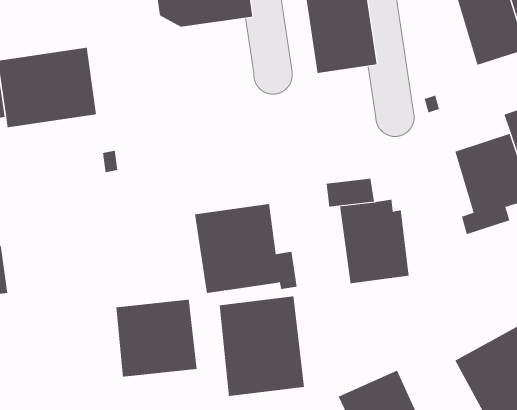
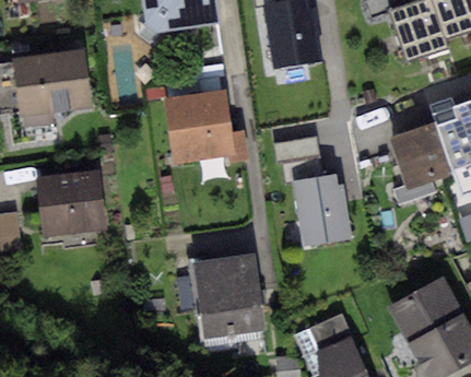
building: [194,203,298,293] -> [163,89,248,163]
building: [115,299,198,377] -> [37,170,105,235]

